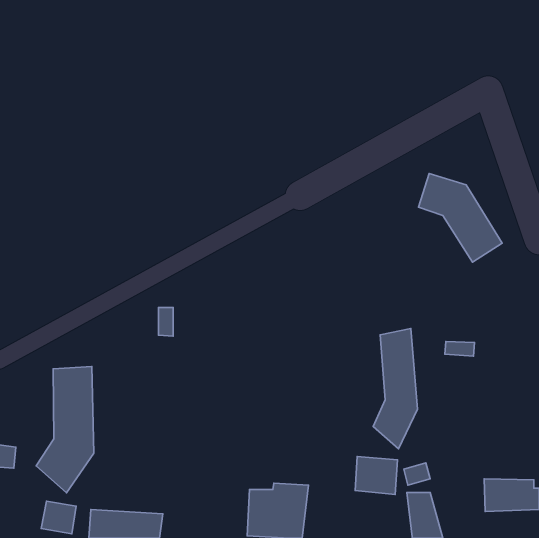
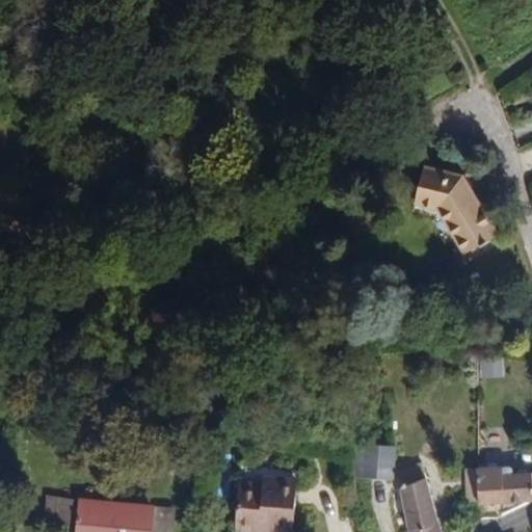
building: [373,329,418,449] -> none
building: [36,366,94,493] -> none

